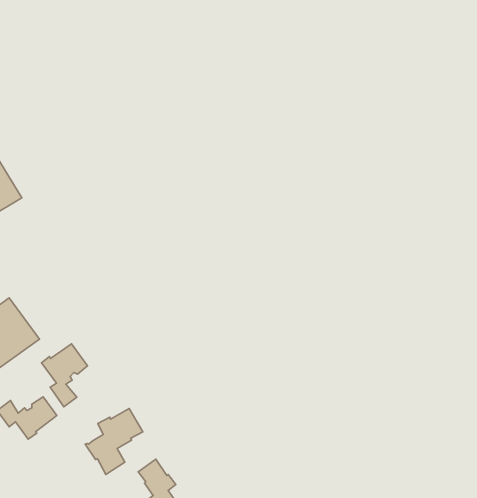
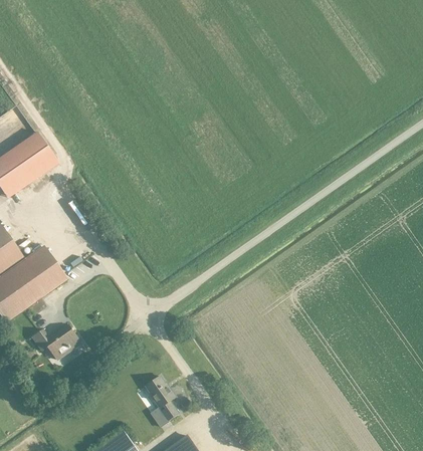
building: [41,344,88,407] -> none
building: [85,408,143,475] -> none

